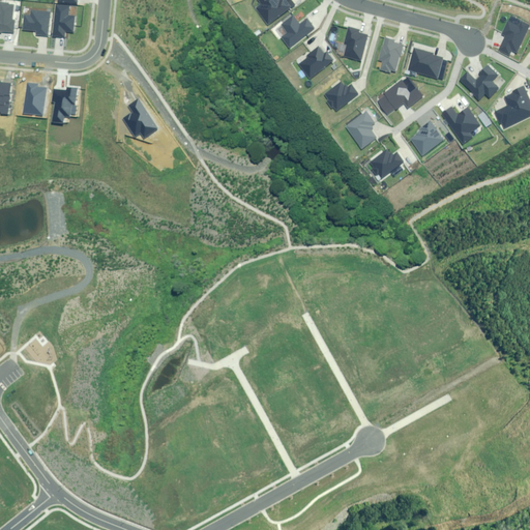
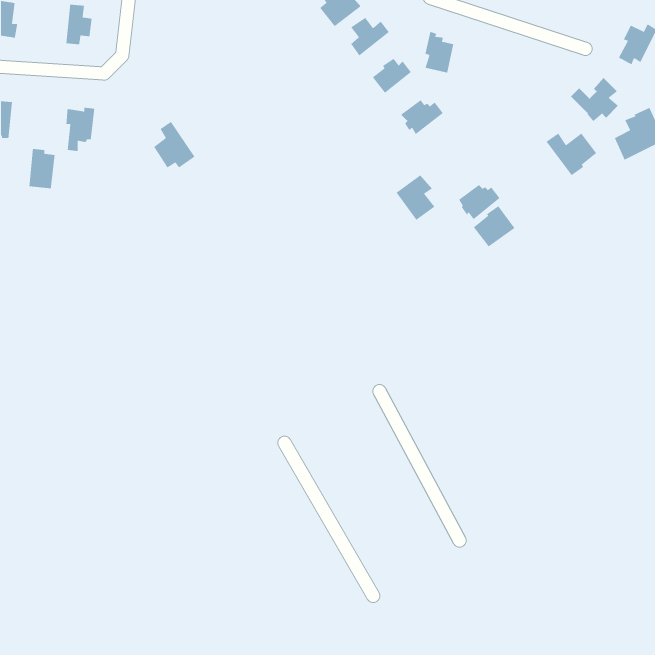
building: [25,8,52,34] -> none
building: [379,39,402,72] -> none
building: [408,49,444,78] -> none
building: [377,80,425,115] -> none
building: [26,81,48,114] -> [28,148,55,189]
building: [346,110,378,147] -> [396,175,436,221]
building: [411,119,445,153] -> [473,205,515,248]

